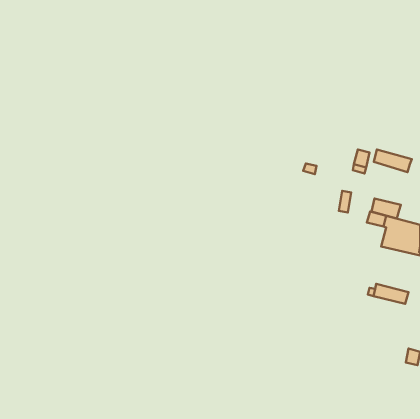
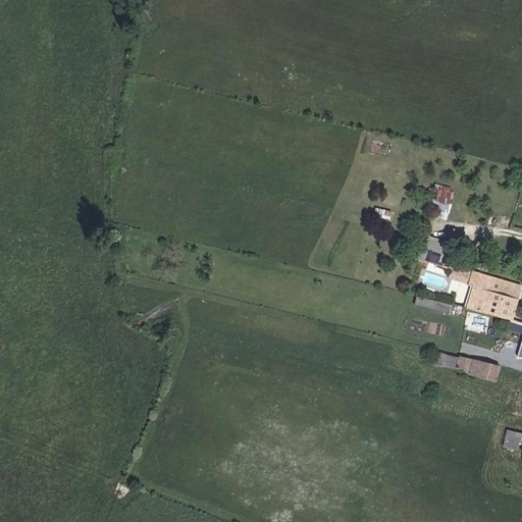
building: [374,149,412,172] -> none
building: [372,198,401,219] -> none

